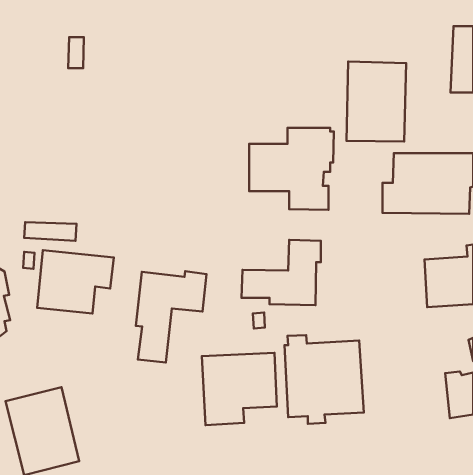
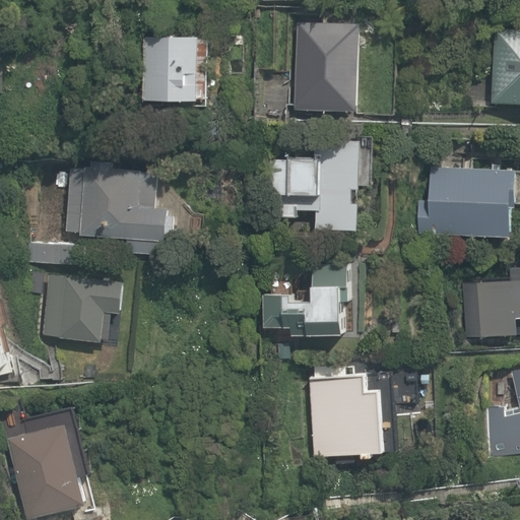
building: none -> [143,39,209,103]
building: [346,61,406,142] -> [295,23,360,111]
building: none -> [65,159,166,254]
building: [136,271,206,362] -> none
building: [202,353,277,425] -> none

